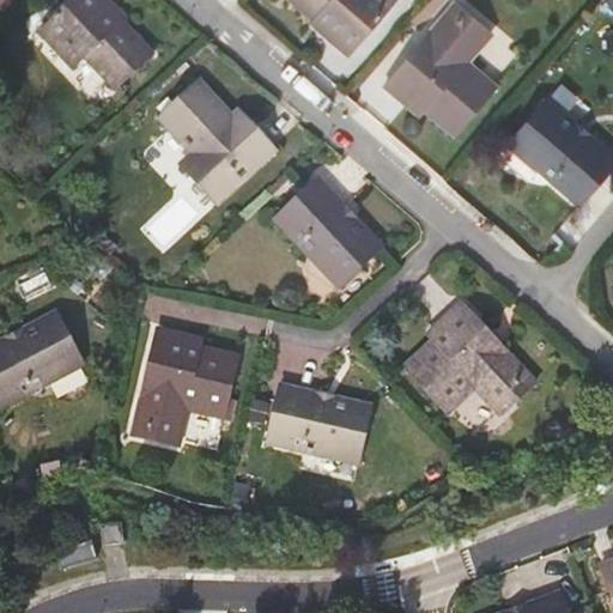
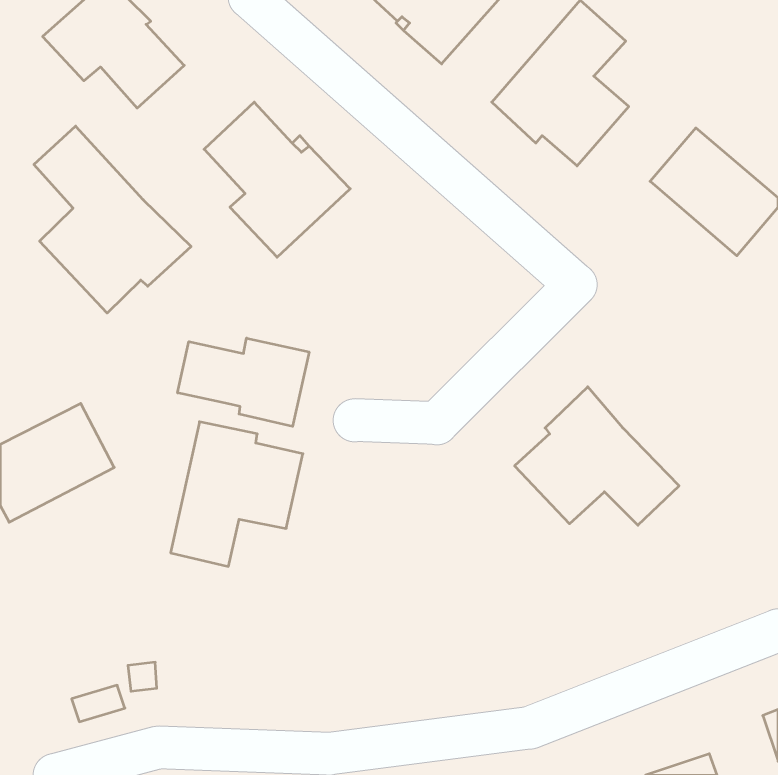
building: none -> [34,126,191,313]
building: [274,177,376,284] -> none
building: none -> [178,338,309,426]
building: [269,386,372,457] -> none

